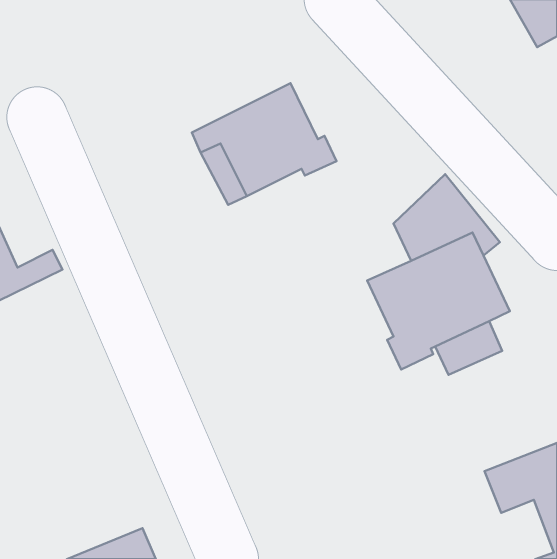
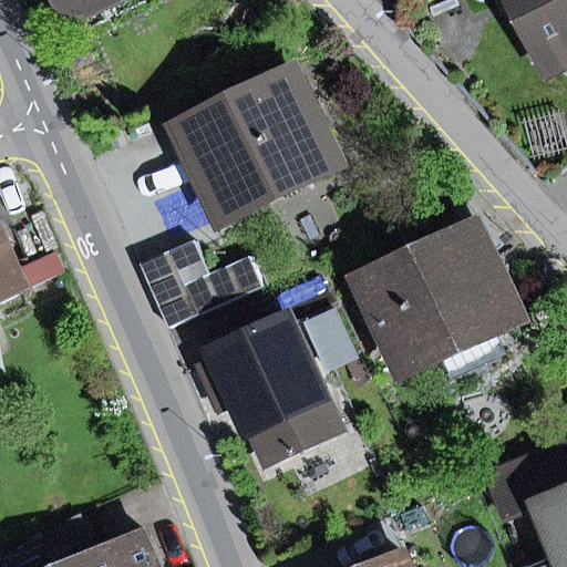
building: none -> [141,251,264,329]
building: none -> [204,321,341,461]

